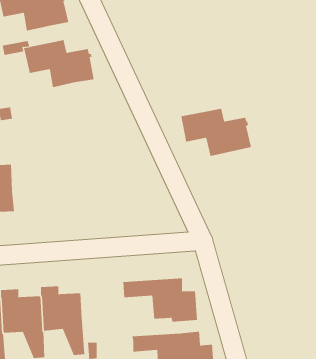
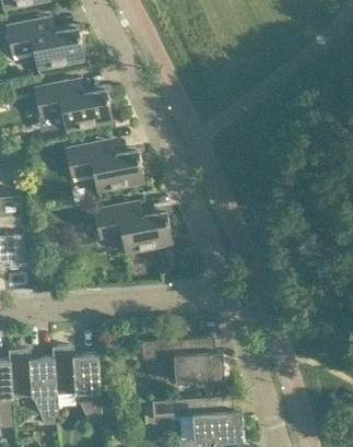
building: none -> [64,140,142,192]
building: [181,108,252,156] -> [93,201,170,254]

